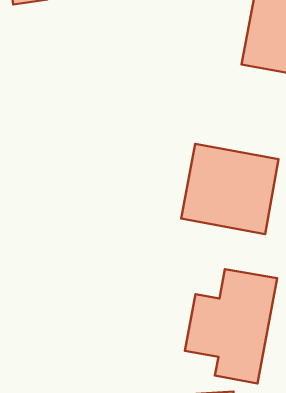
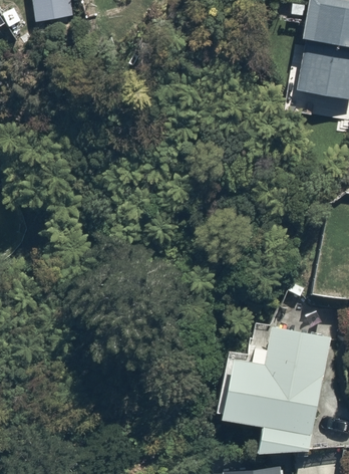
building: [181,144,279,234] -> none

